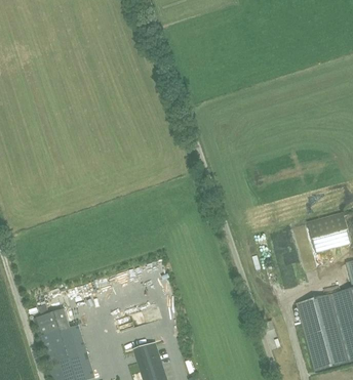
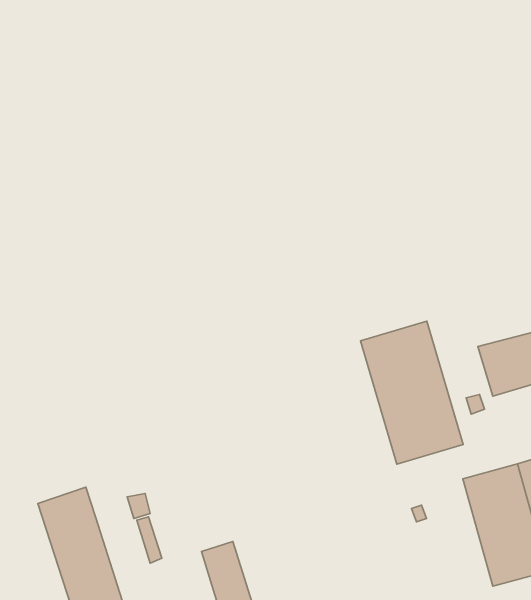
building: none -> [361,321,463,464]

